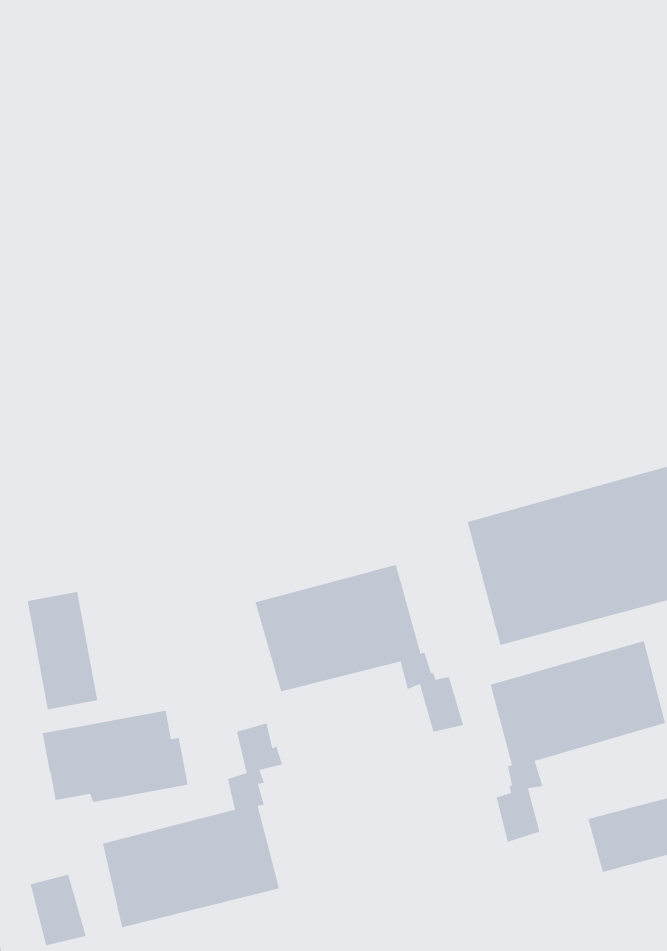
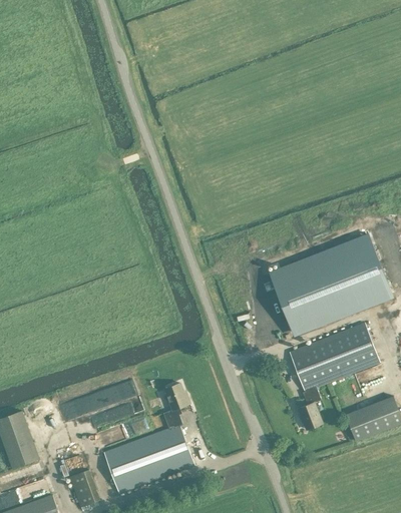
building: [255,564,464,733] -> none
building: [27,591,98,710] -> none

